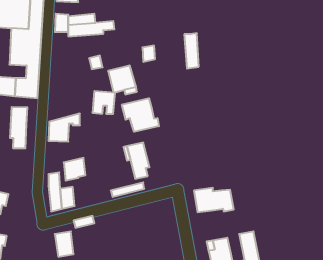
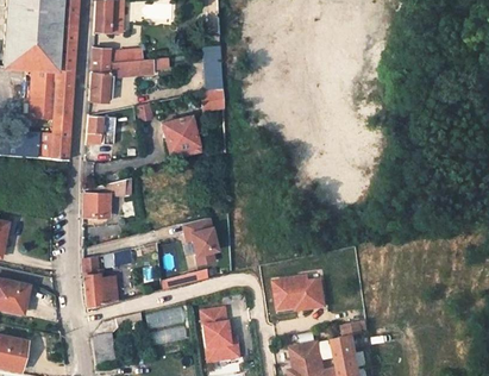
building: none -> [88,73,108,101]
building: [184,33,199,69] -> [202,46,221,93]
building: [92,91,115,114] -> [86,115,115,145]
building: [122,98,159,132] -> none
building: [10,107,27,148] -> none
building: none -> [200,309,239,363]
building: none -> [148,311,186,343]

